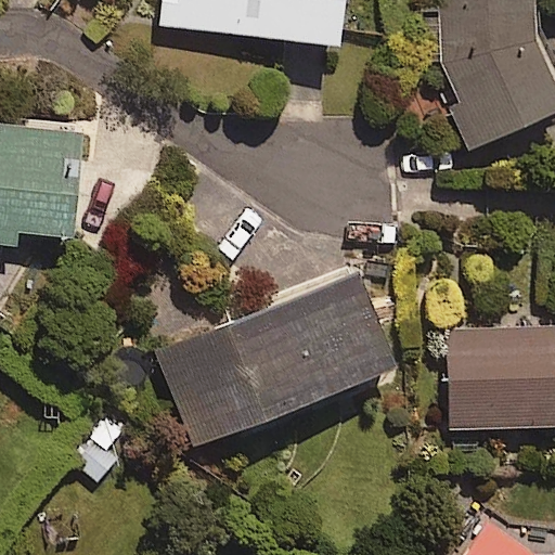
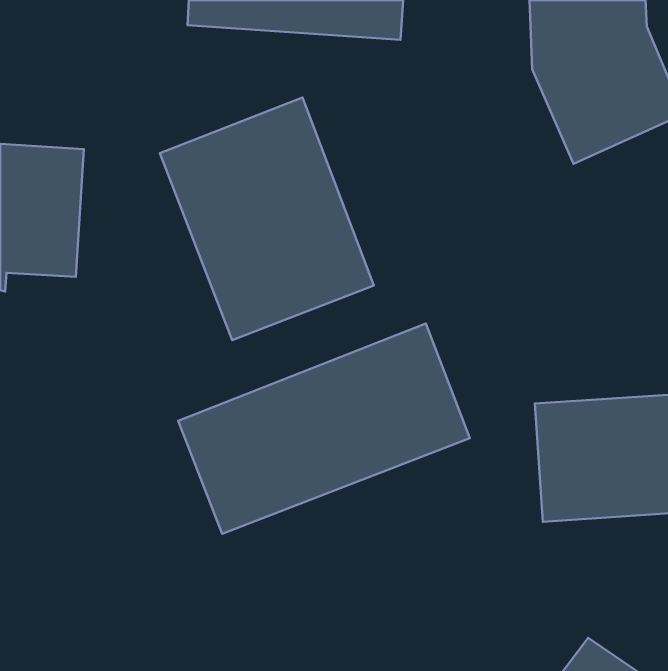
building: none -> [160,98,374,340]

